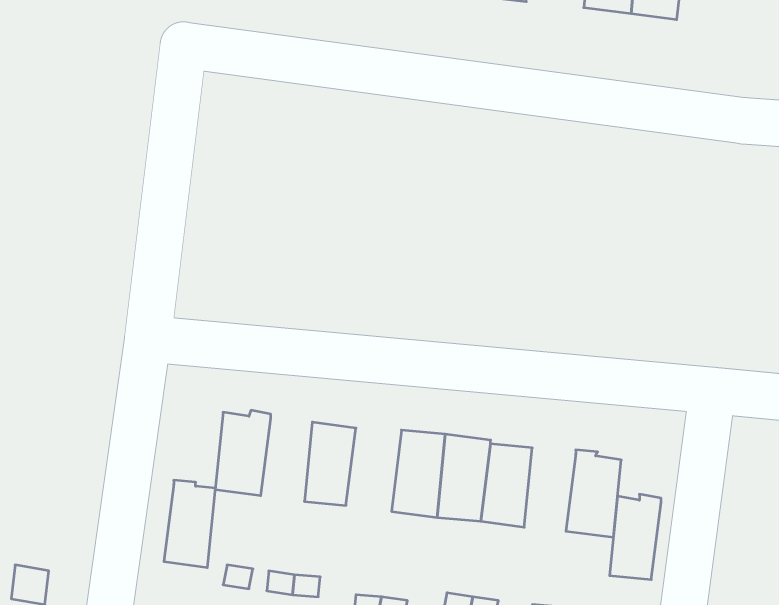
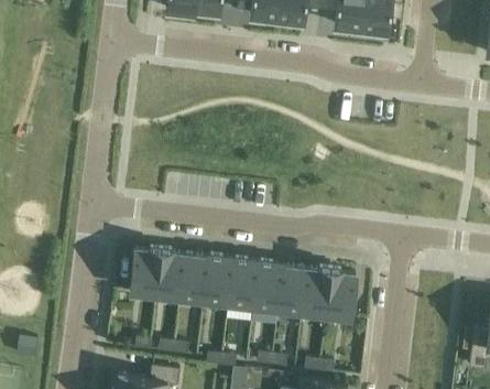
building: none -> [203,258,233,306]
building: [164,480,215,568] -> [155,252,184,301]
building: [610,494,661,580] -> [302,270,330,317]

